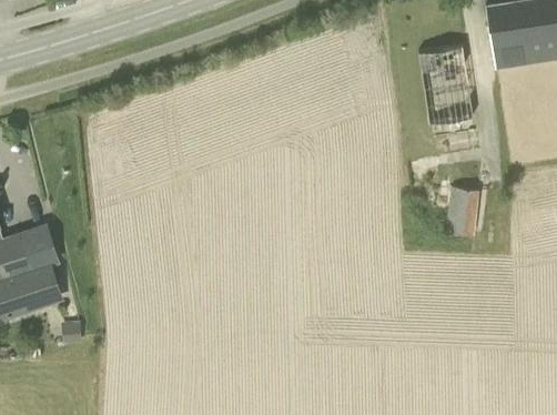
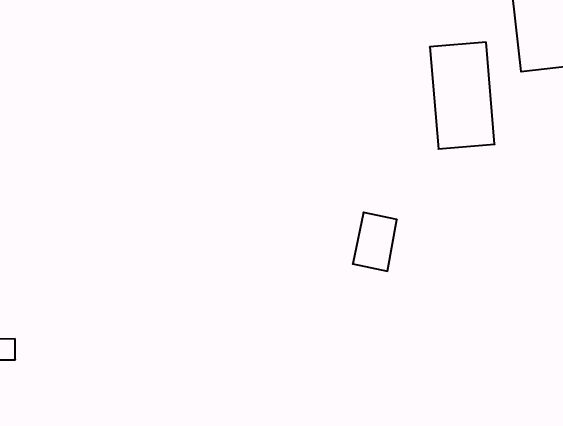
building: [444,188,479,236] -> [353,212,397,271]

